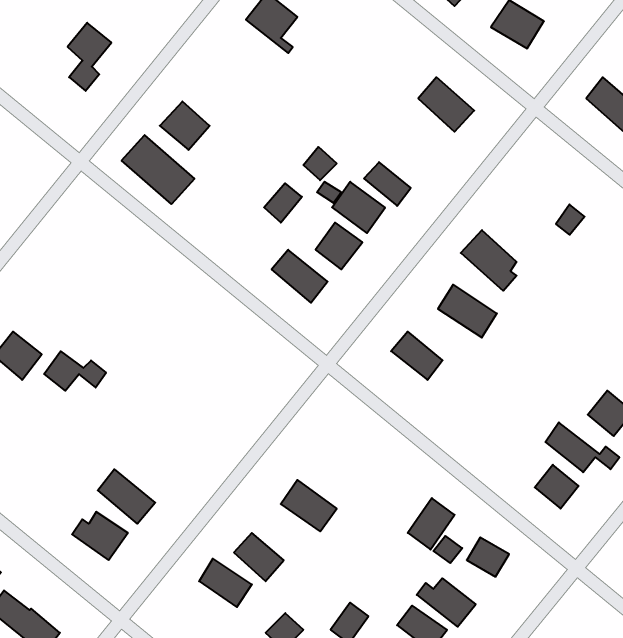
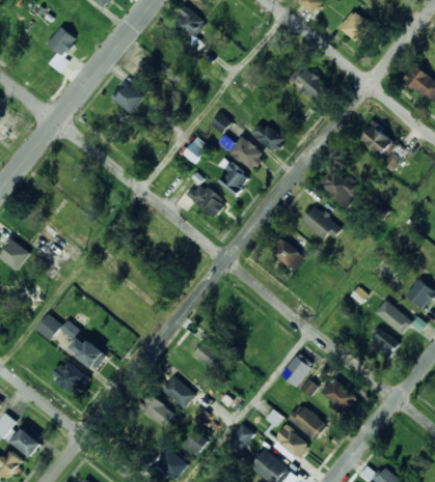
building: [122,135,194,204] -> none
building: none -> [358,123,397,159]
building: [44,351,106,391] -> [36,314,79,341]

